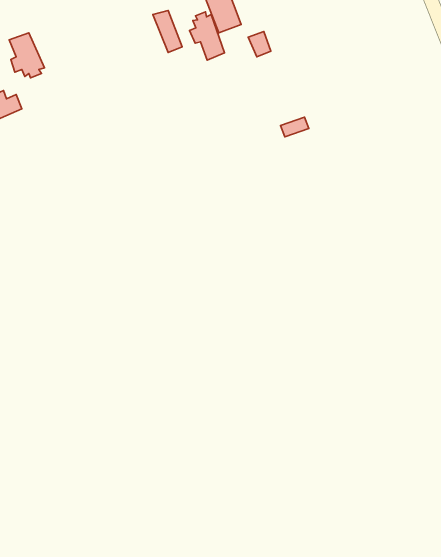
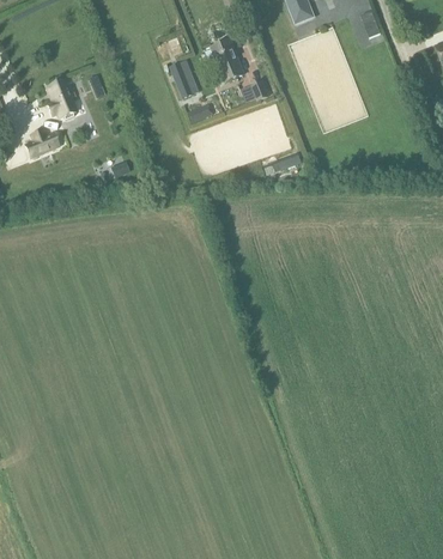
building: [189,12,224,60] -> none

